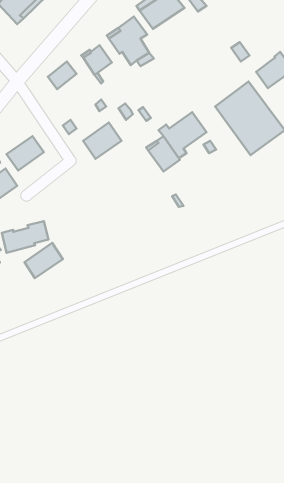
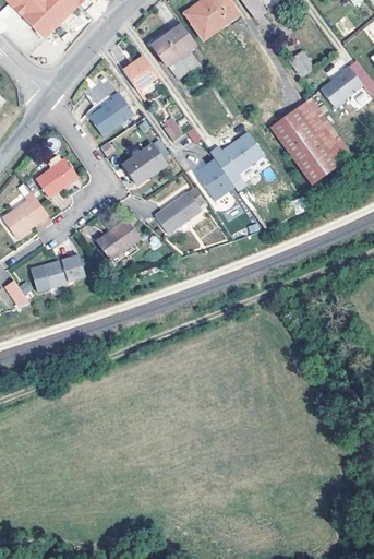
building: none -> [88,91,133,134]
building: none -> [154,187,205,233]
building: [24,243,63,278] -> [96,219,140,260]

